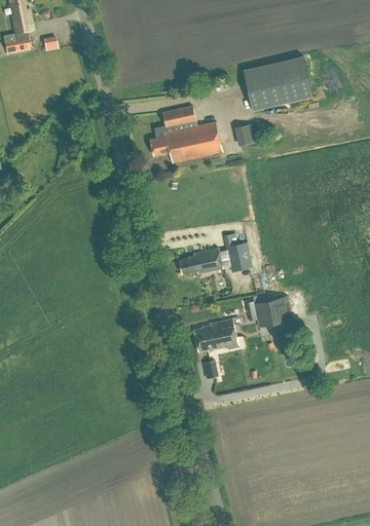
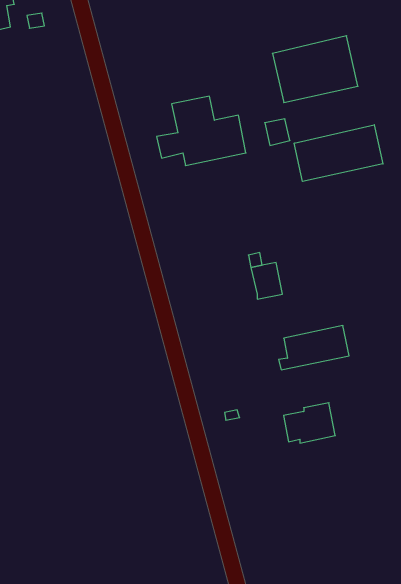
building: none -> [294,125,383,181]
building: [179,249,222,274] -> none
building: [193,320,235,352] -> [284,403,335,443]

